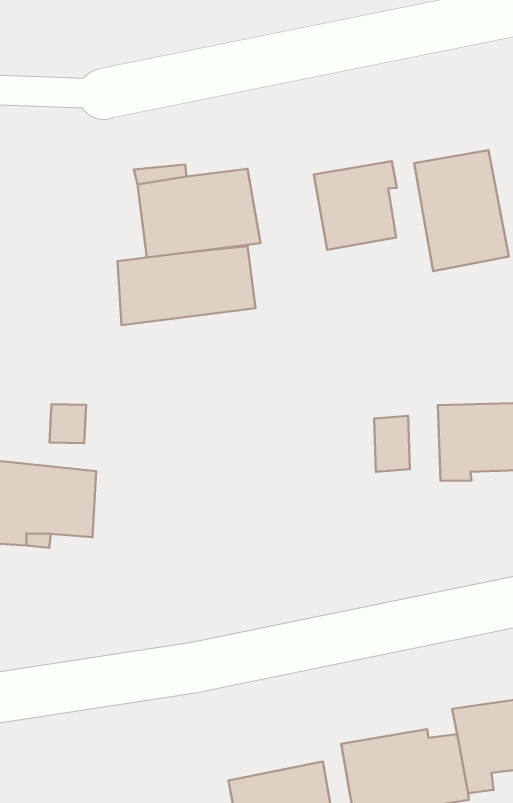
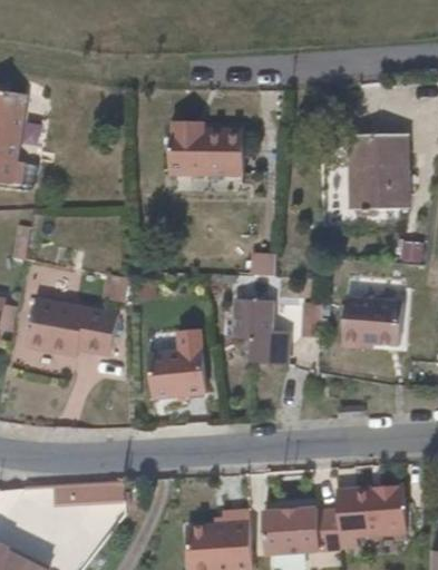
building: [314,161,397,250] -> none
building: [117,246,255,325] -> none
building: none -> [230,295,286,367]
building: none -> [154,350,211,396]

